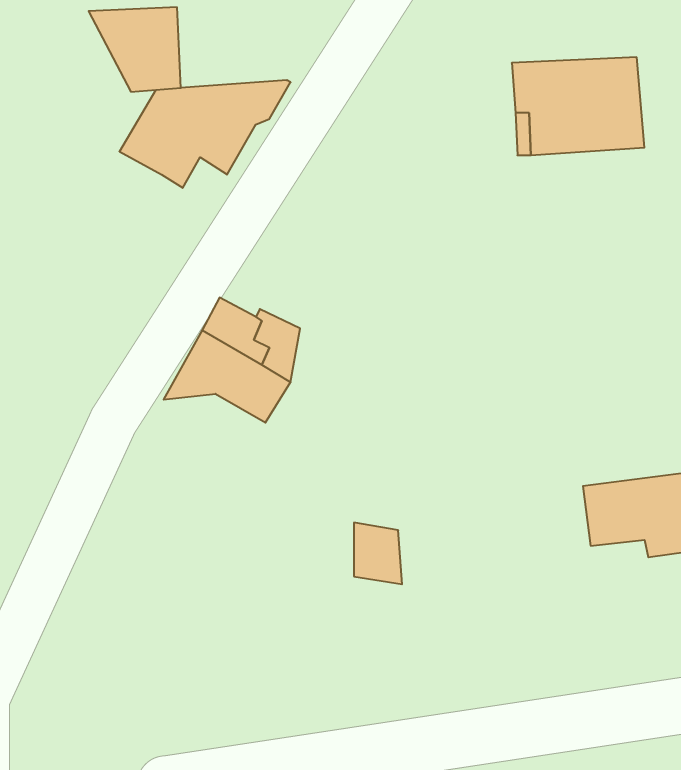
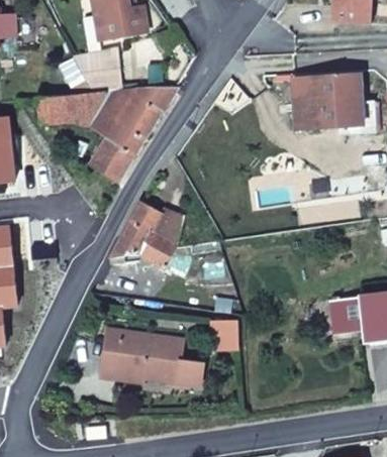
building: none -> [37,92,106,124]
building: none -> [92,127,143,181]
building: none -> [101,328,201,384]

